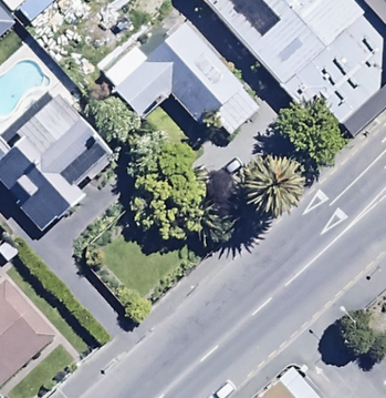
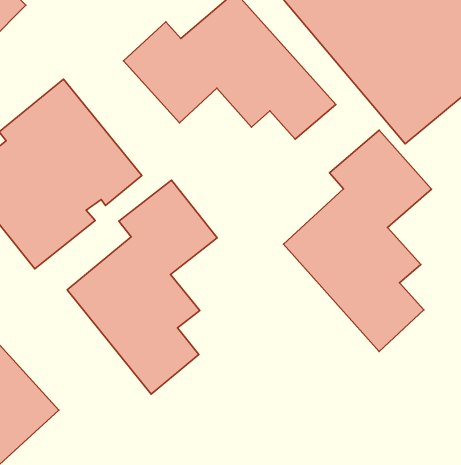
building: none -> [284,130,431,351]
building: none -> [67,180,217,394]

